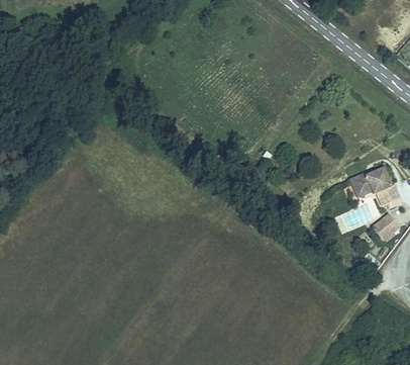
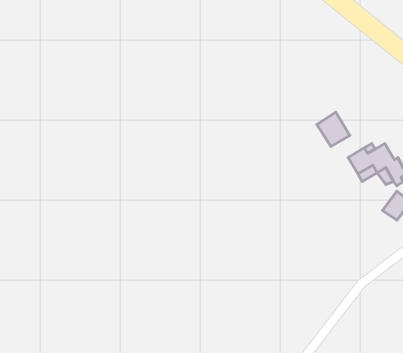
building: none -> [317,112,350,146]

